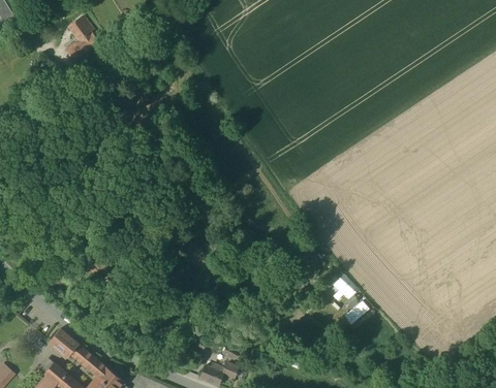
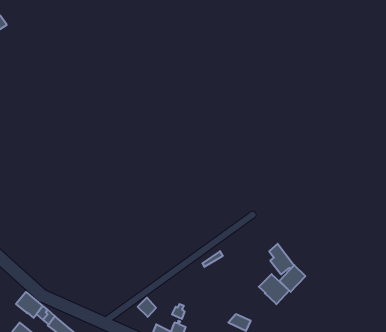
building: [67,18,97,60] -> none
building: none -> [259,274,289,304]

